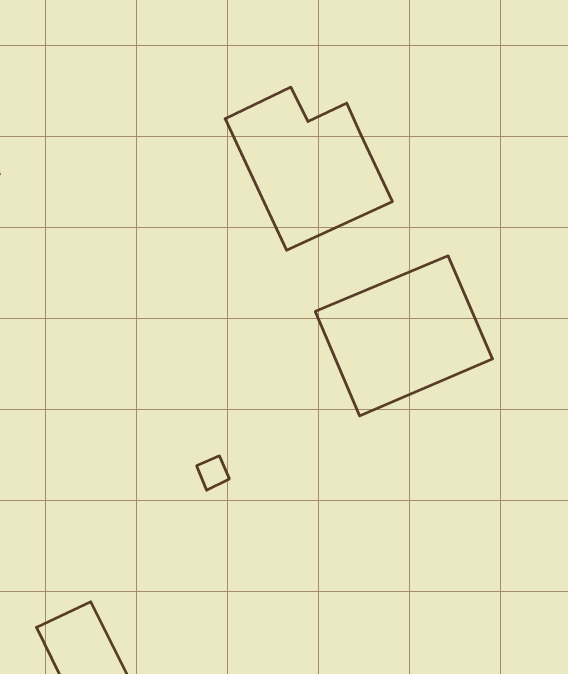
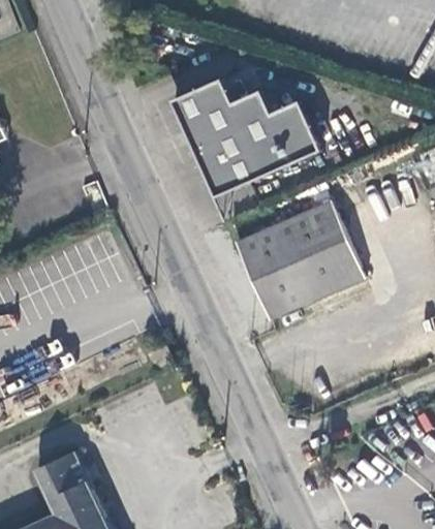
building: none -> [268,100,318,162]

